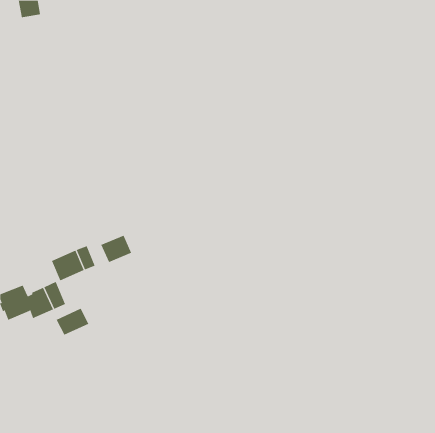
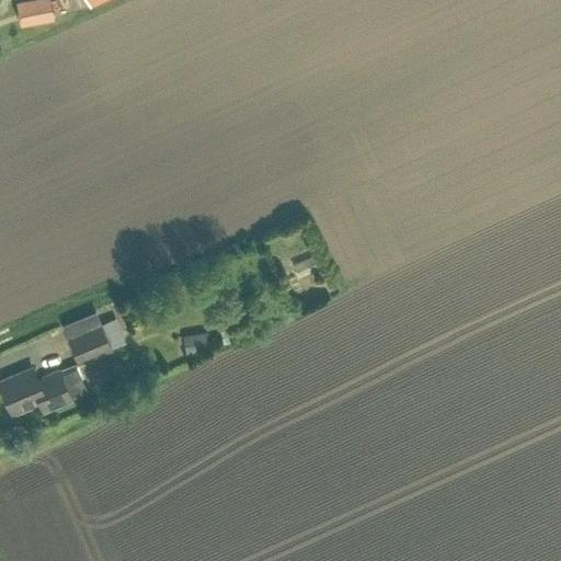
building: [100,235,132,263] -> none
building: [56,308,89,336] -> none

